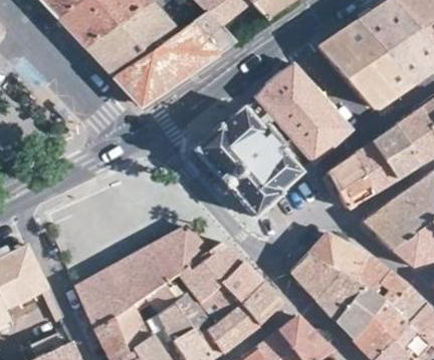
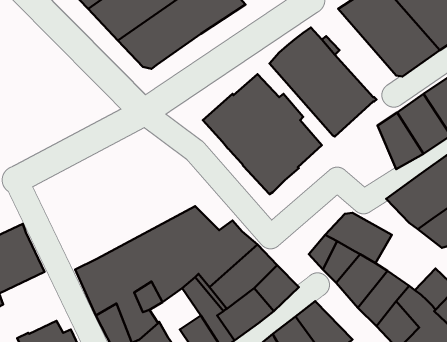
building: [328,153,372,208] -> none
building: [353,254,408,305] -> none
building: [145,303,192,341] -> none

